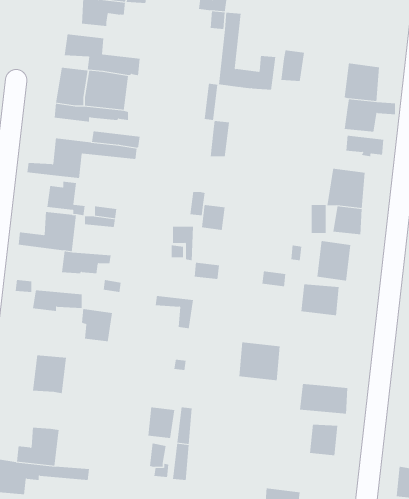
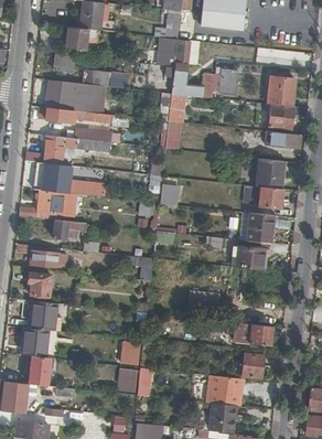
building: [81,308,113,342] -> [28,271,52,297]
building: none -> [22,326,46,356]
building: none -> [208,374,244,405]

